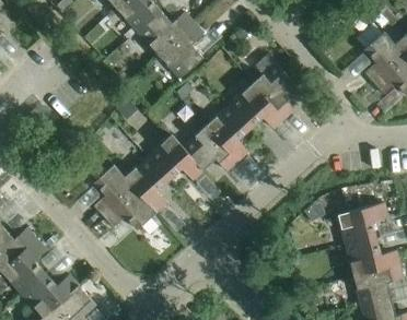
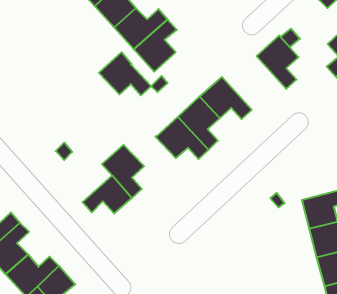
building: [253,61,298,118] -> [257,35,299,89]
building: [148,133,203,179] -> [99,52,151,95]
building: [94,164,136,216] -> none

